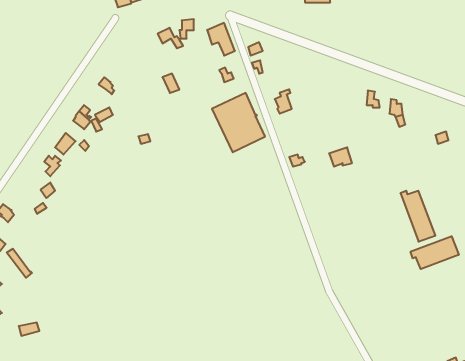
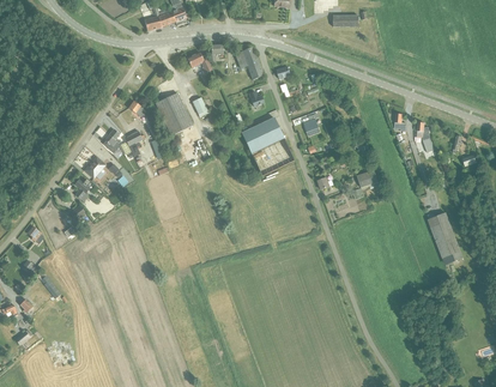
building: none -> [156,92,193,135]
building: [411,236,459,269] -> none

